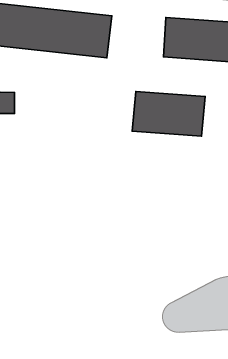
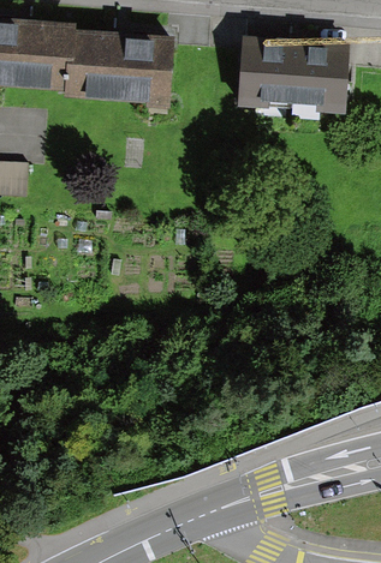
building: [132,91,205,136] -> none

